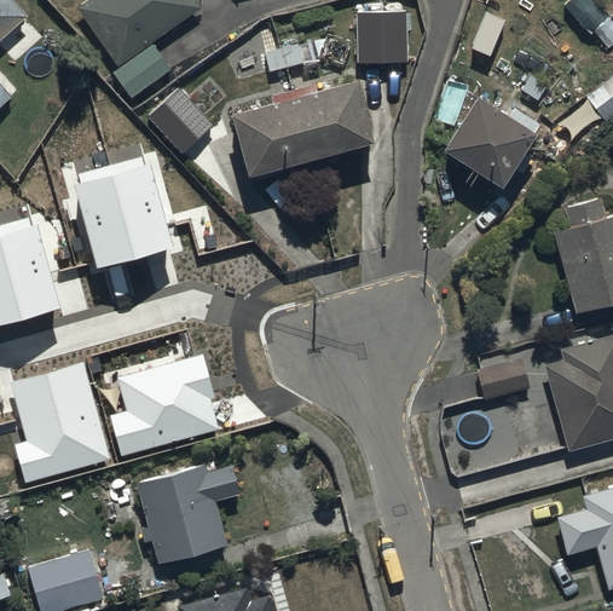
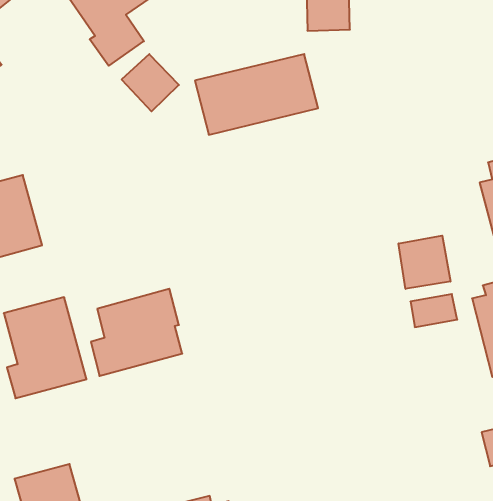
building: [441,102,538,194] -> none
building: [77,165,170,264] -> none
building: none -> [399,236,450,289]
building: [135,467,239,564] -> none

